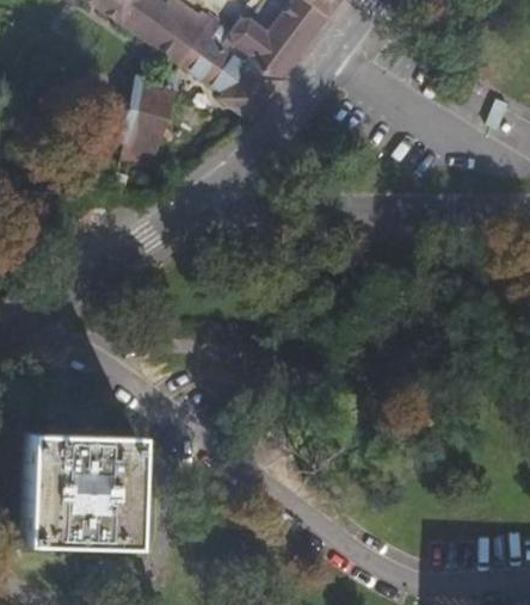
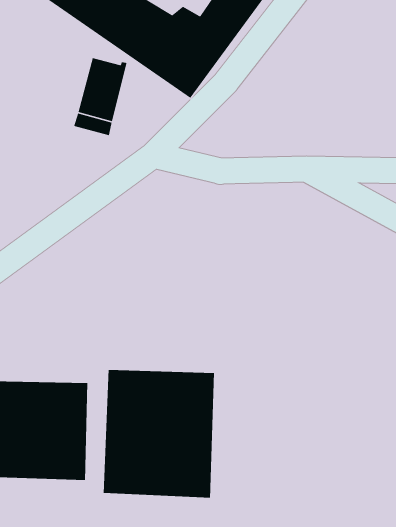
building: none -> [103,369,215,498]

